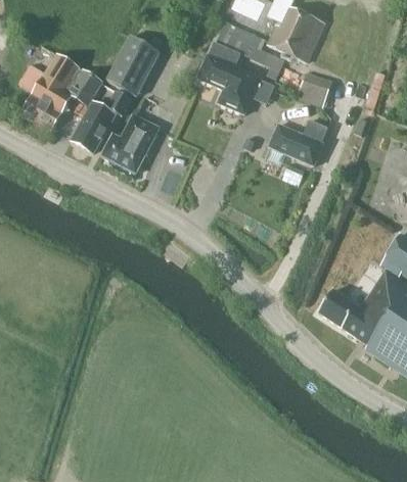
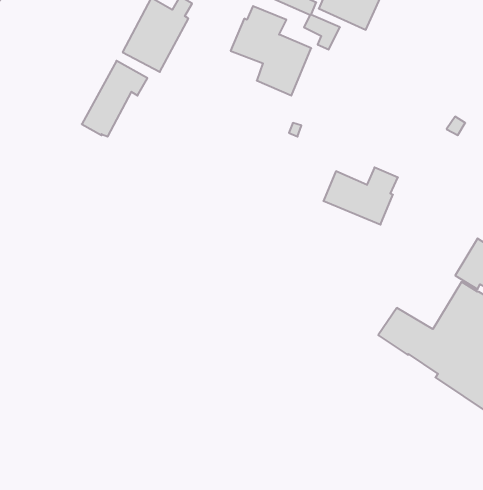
building: [20,53,102,131] -> none
building: [296,70,332,107] -> none
building: [100,114,160,174] -> none
building: [267,119,328,166] -> [323,167,398,225]

